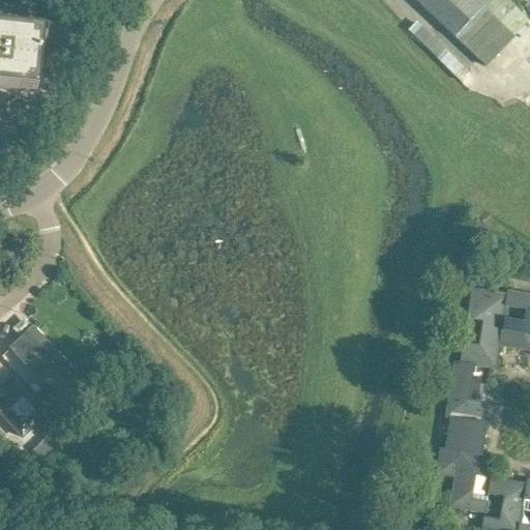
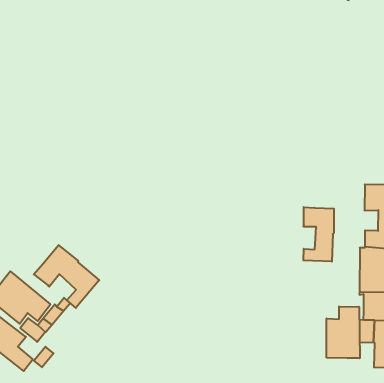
building: none -> [303,207,334,262]
building: none -> [34,245,99,308]
building: none -> [327,306,360,358]

